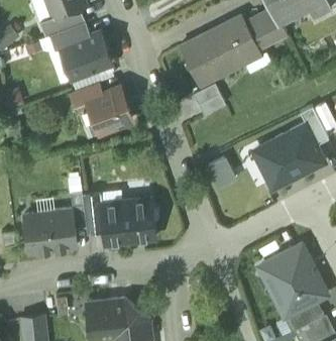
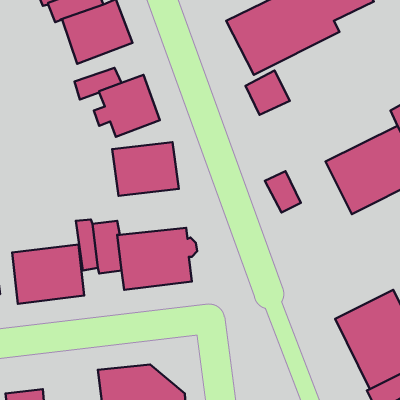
building: none -> [112,142,179,196]

